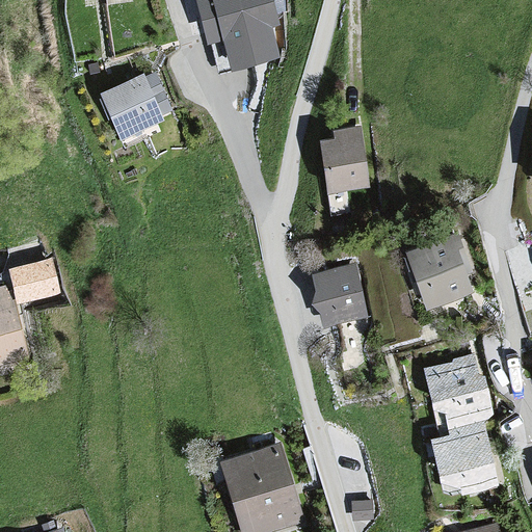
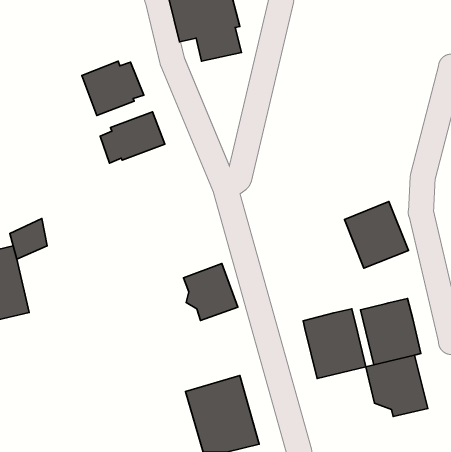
building: [320,128,373,197] -> none
building: none -> [100,112,165,163]
building: [312,265,375,331] -> [184,264,238,320]
building: none -> [303,309,366,379]

